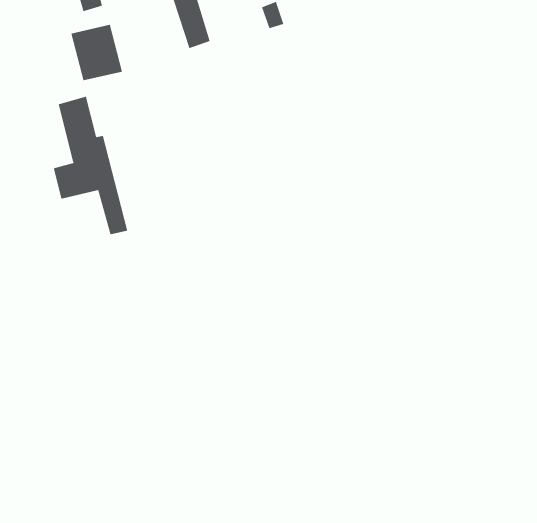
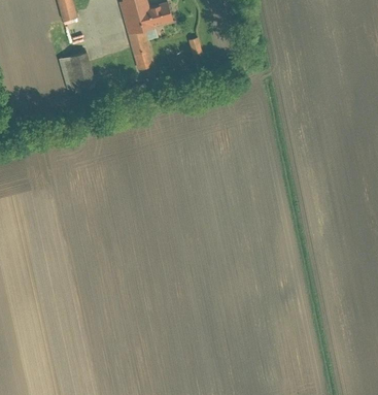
building: [53,96,128,235] -> none

